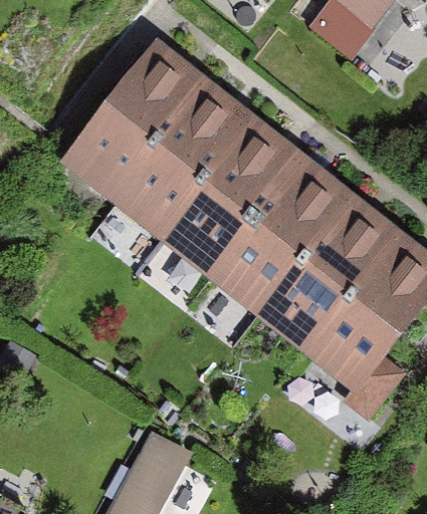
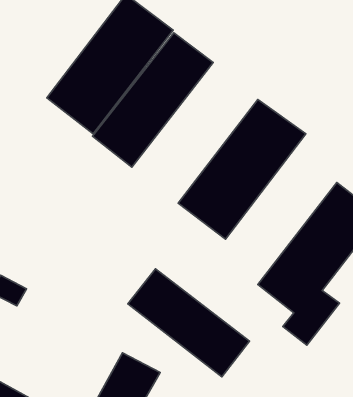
building: [162,117,306,279] -> none
building: [268,202,407,360] -> none
building: none -> [128,269,250,377]

